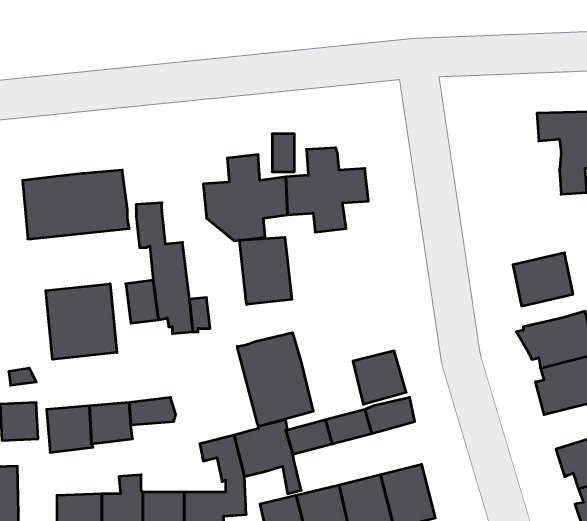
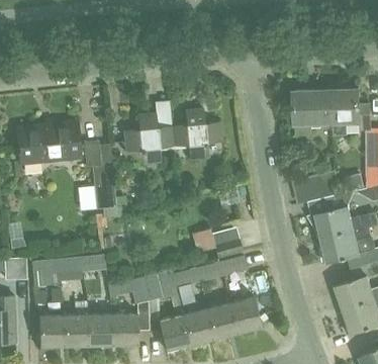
building: none -> [291,89,334,136]
building: [239,237,292,305] -> none
building: [46,284,117,359] -> none
building: [237,333,313,427] -> none

